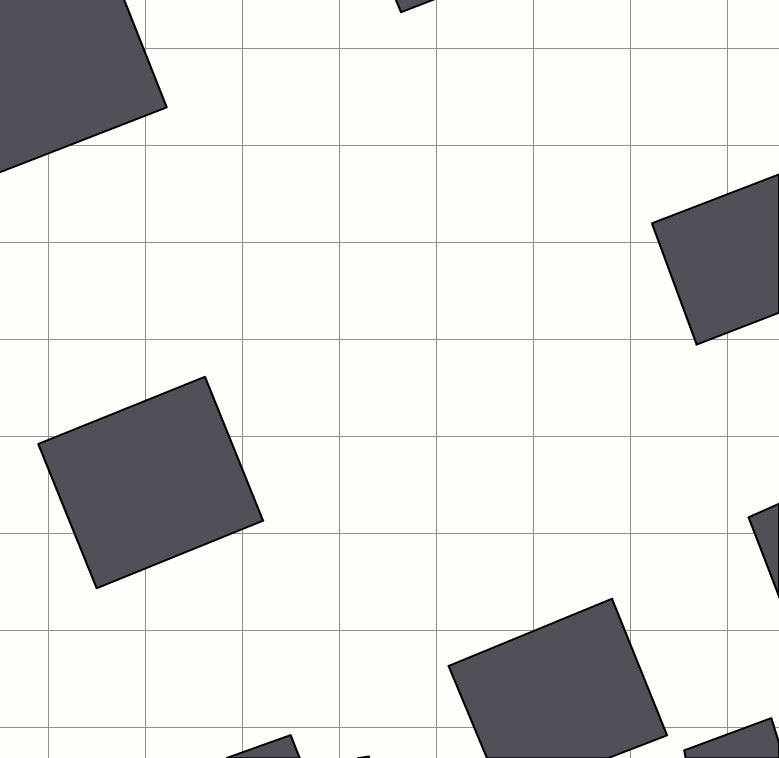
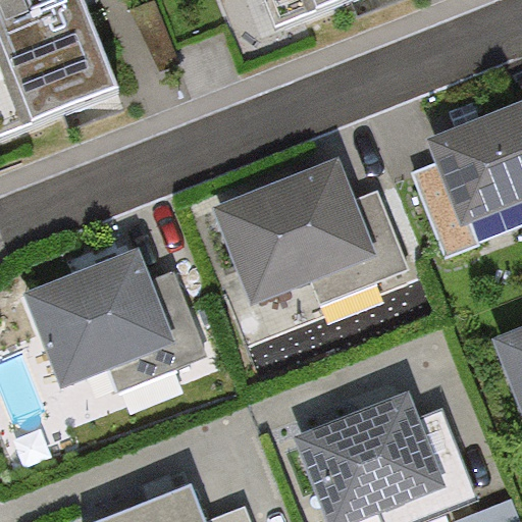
building: none -> [218,166,376,310]

